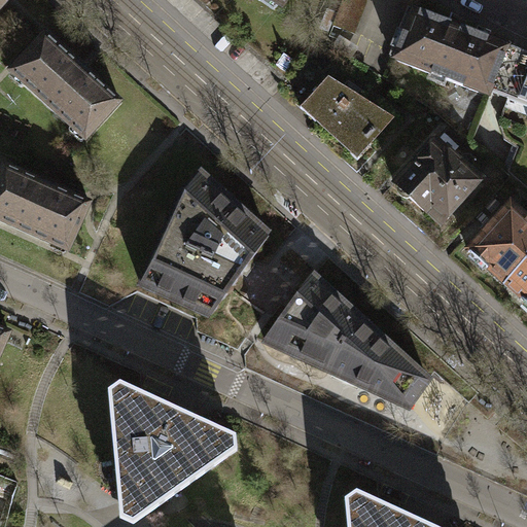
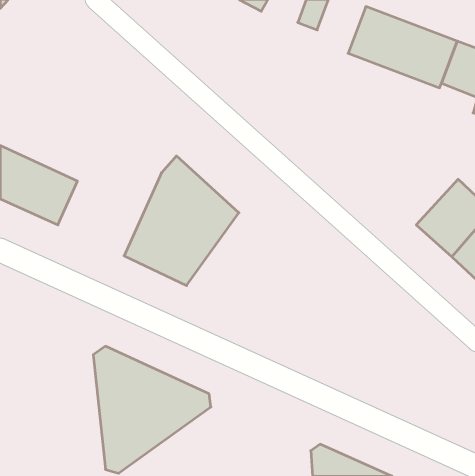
building: [22,27,127,130] -> none
building: [309,68,405,153] -> none
building: [403,129,496,221] -> none
building: [268,275,431,408] -> none

